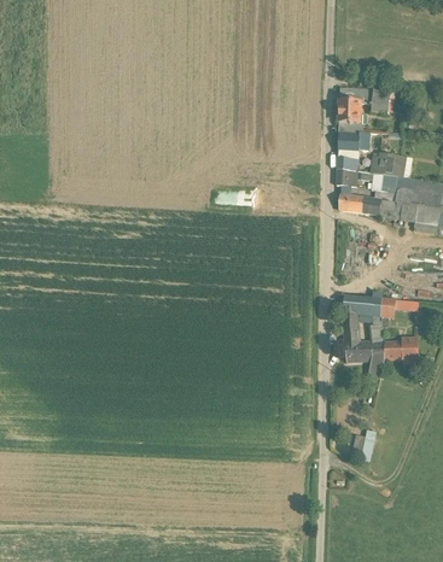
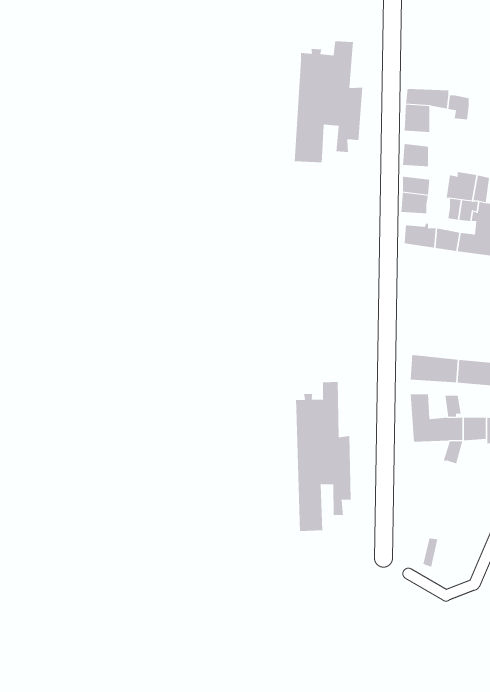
building: none -> [294,41,363,163]
building: none -> [295,381,351,532]

